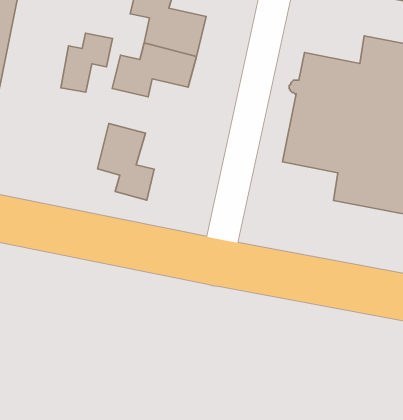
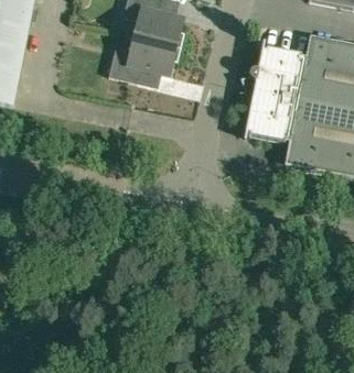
building: [61,33,112,92] -> none
building: [97,123,154,200] -> none

